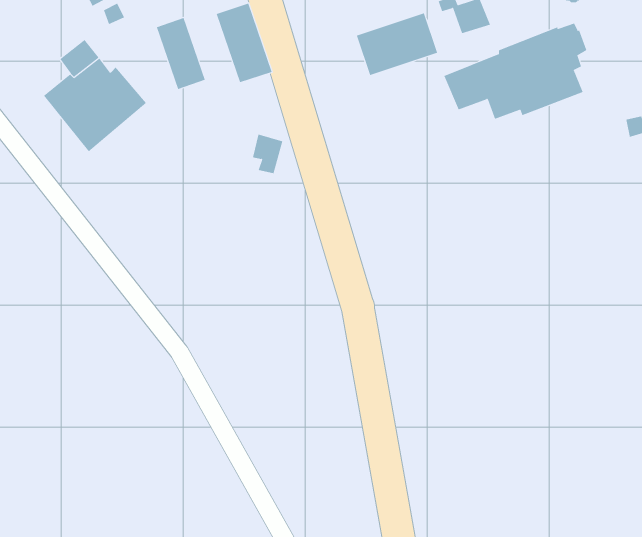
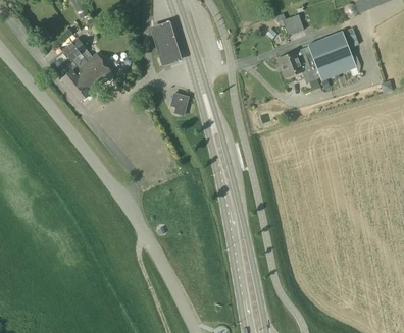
building: [356,13,438,76] -> none
building: [156,17,205,90] -> none

